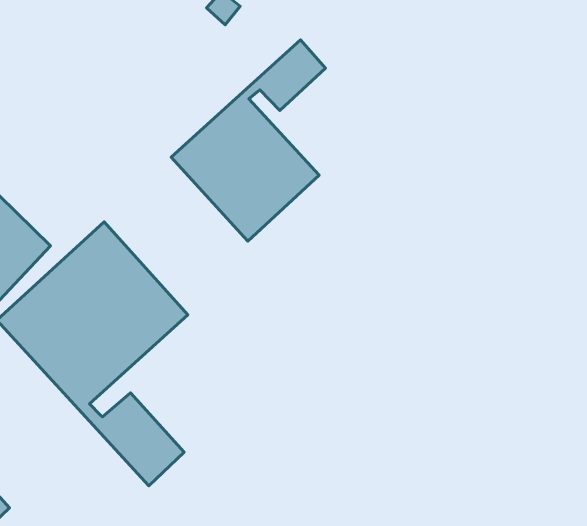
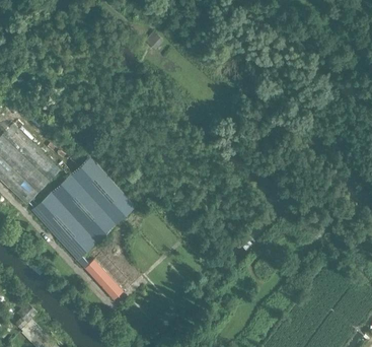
building: [171,40,326,241] -> none

